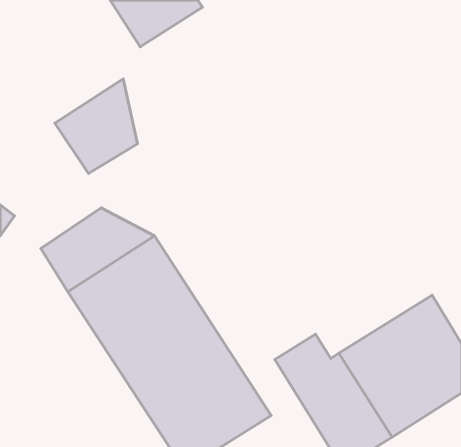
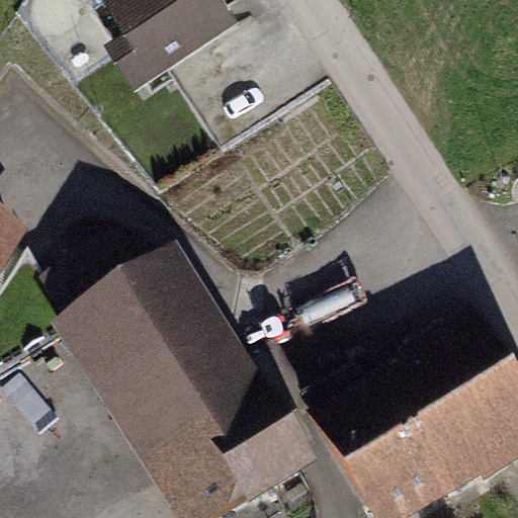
building: [55,79,137,174] -> none

